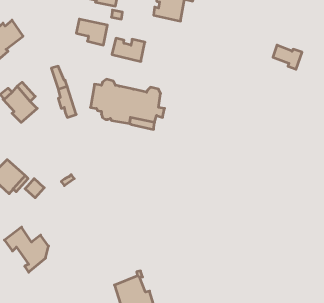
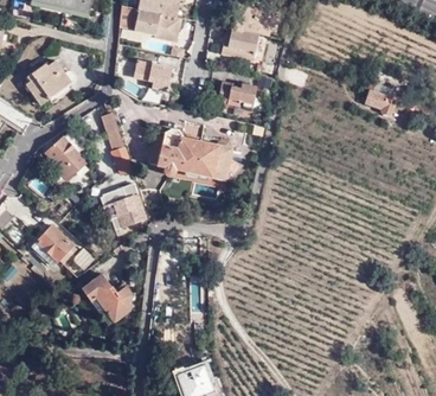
building: [112,38,145,61] -> [218,81,257,108]
building: none -> [110,180,148,230]
building: [4,227,49,272] -> [81,274,133,327]

